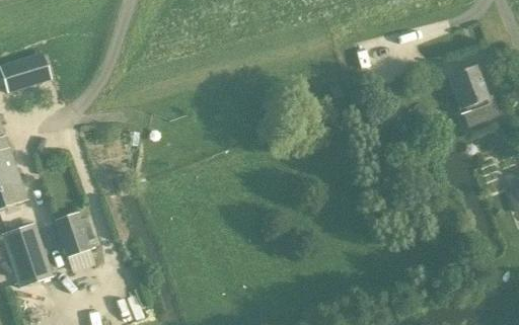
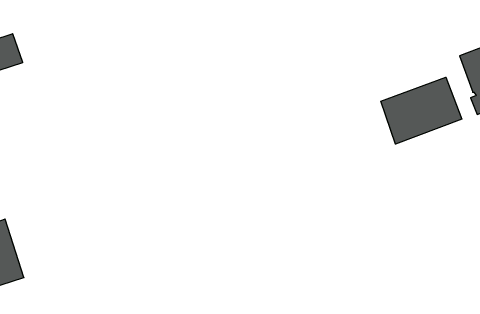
building: none -> [381,77,462,144]
building: [55,212,90,256] -> none

